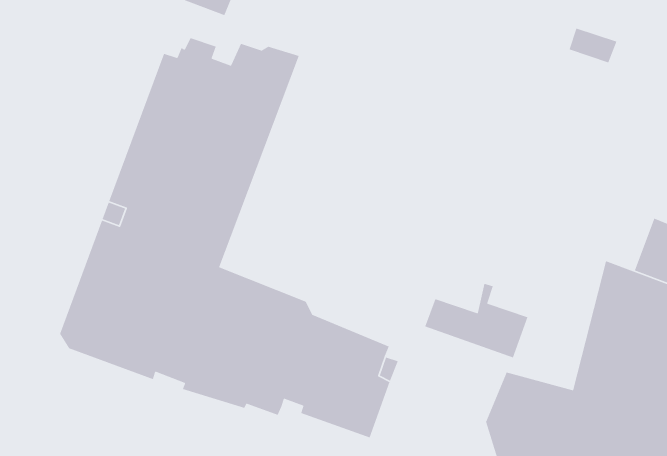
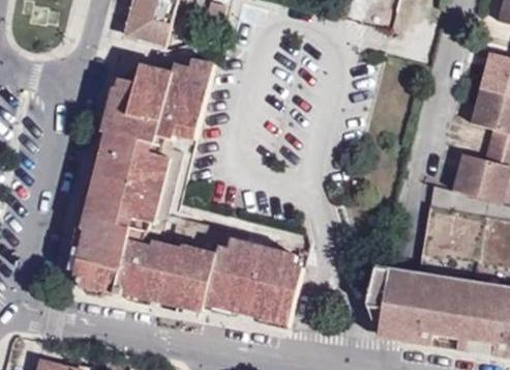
building: [424,283,528,358] -> none

